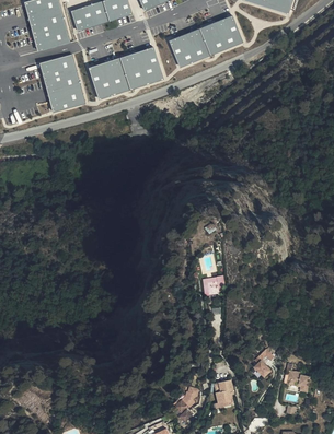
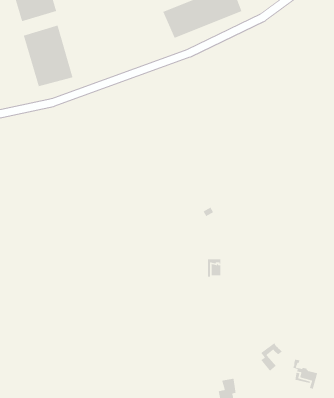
building: [89,47,164,98] -> none

